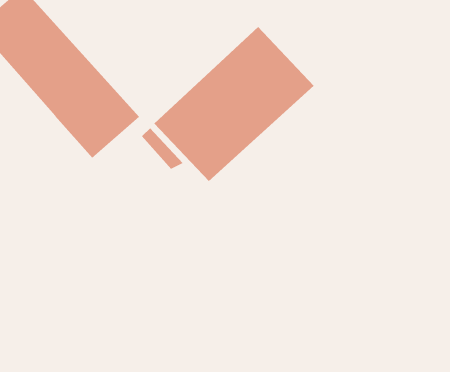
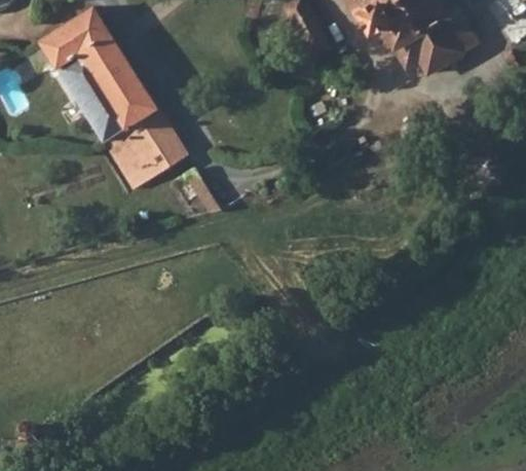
building: [154,26,314,182] -> none

